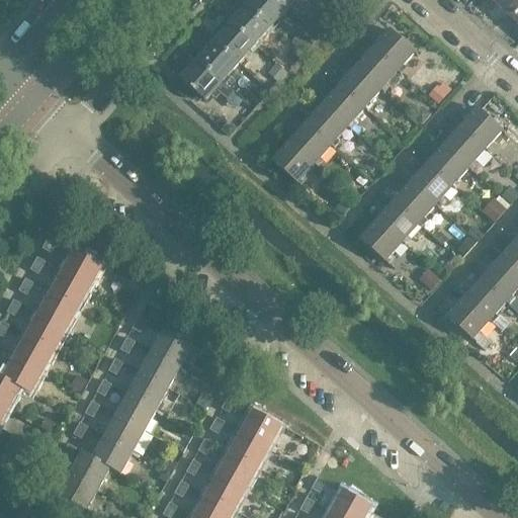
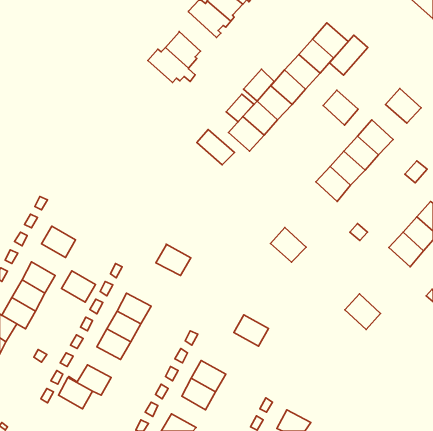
building: [208,14,258,61] -> none
building: none -> [329,35,368,75]
building: none -> [244,69,274,101]
building: none -> [226,94,254,122]
building: [443,124,485,166] -> [323,90,358,125]
building: none -> [197,129,234,165]
building: [359,217,402,258] -> [270,227,306,262]
building: [62,247,102,285] -> none
building: [37,290,78,328] -> [61,271,95,302]
building: [446,294,489,337] -> [345,294,381,329]
building: [151,327,192,364] -> [156,244,191,276]
building: [240,408,281,445] -> [234,315,269,346]
building: [104,413,144,449] -> none
building: [58,470,98,508] -> none
building: [204,471,245,509] -> none

